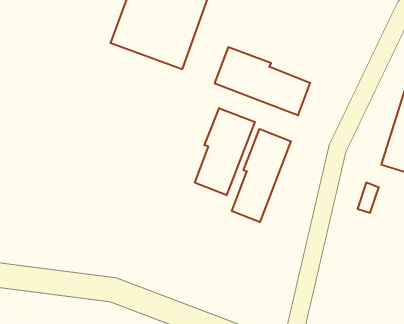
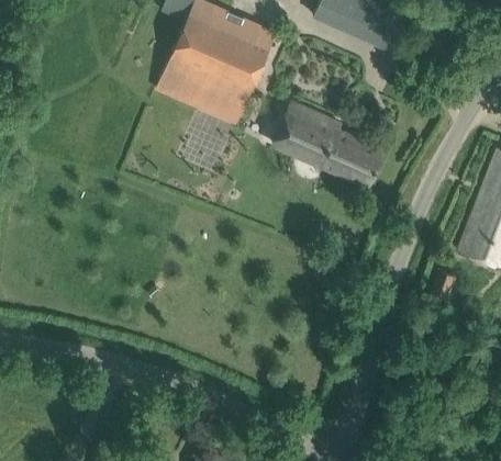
building: [195,108,255,195] -> none
building: [232,129,291,222] -> none

